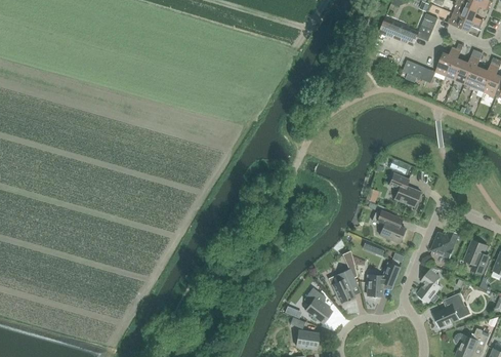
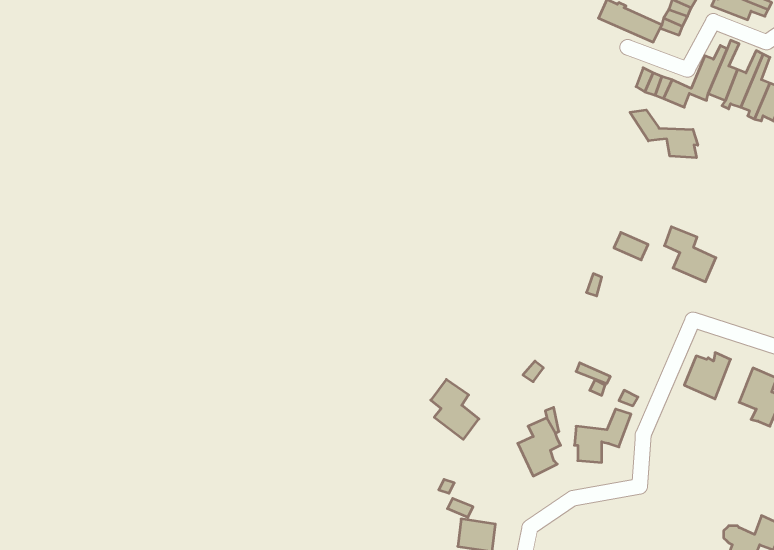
building: none -> [630,110,698,158]
building: [389,173,420,206] -> [664,227,716,282]
building: [372,210,406,242] -> none
building: [417,269,442,303] -> none
building: [303,287,332,323] -> [431,379,479,439]
building: [434,292,470,326] -> none

